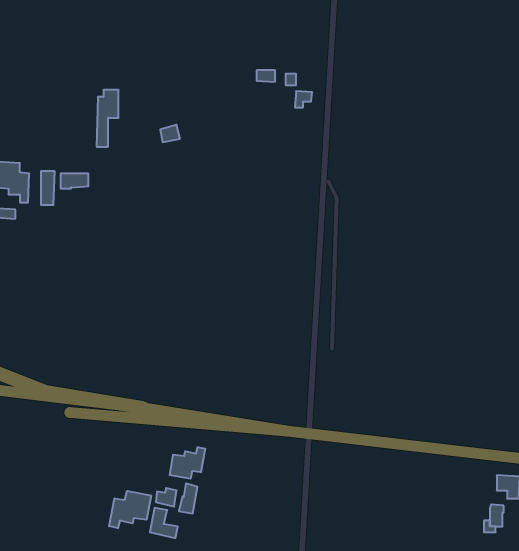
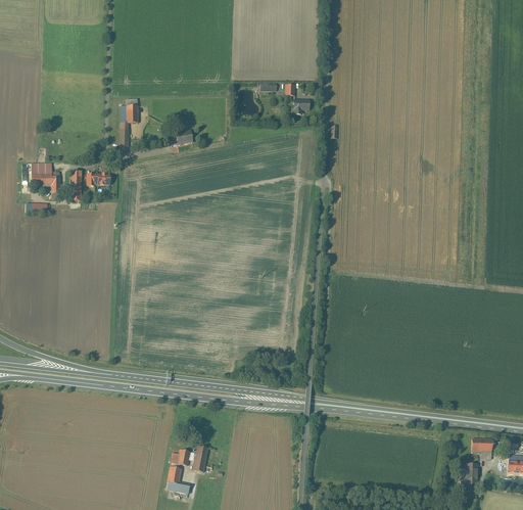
building: [170,447,205,479] -> none
building: [109,491,151,528] -> none

